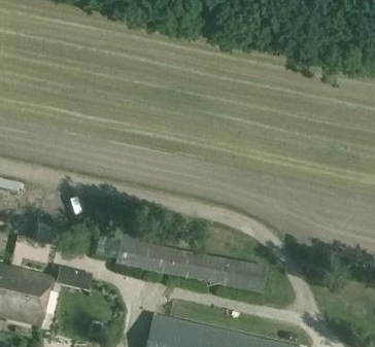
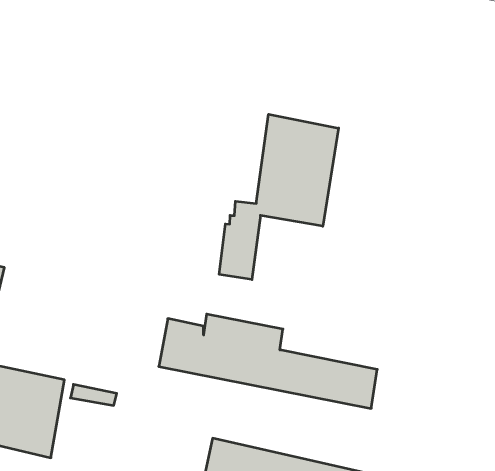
building: none -> [219,114,339,280]

